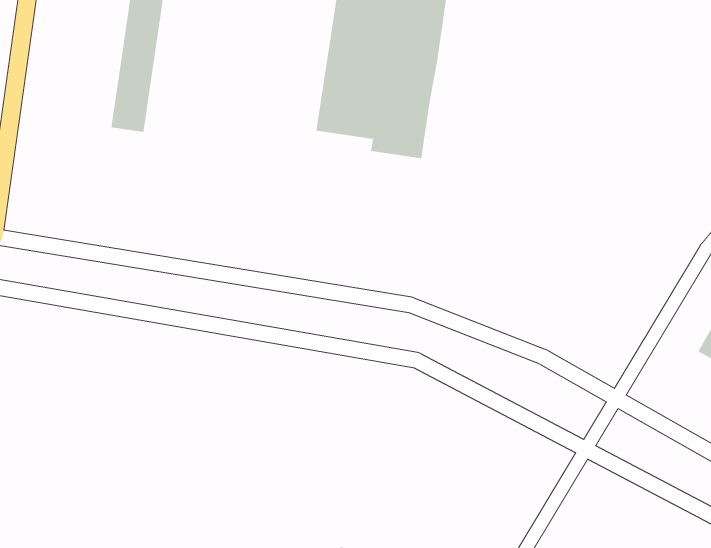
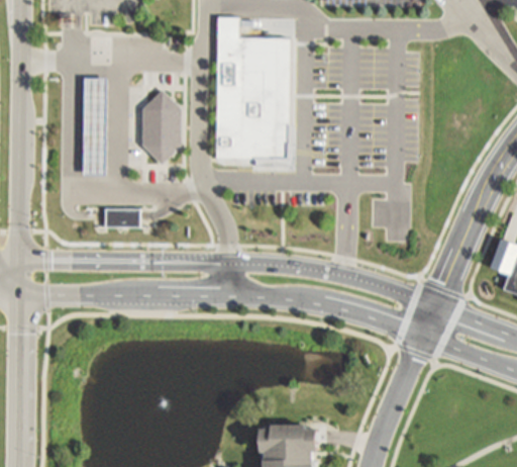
building: none -> [142,90,182,166]
building: none -> [106,209,140,226]

